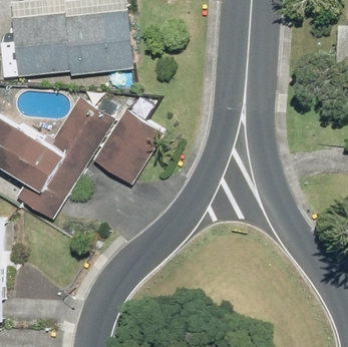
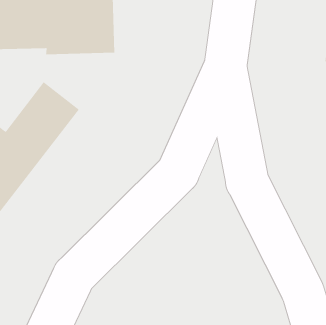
building: [94,109,161,183] -> none

